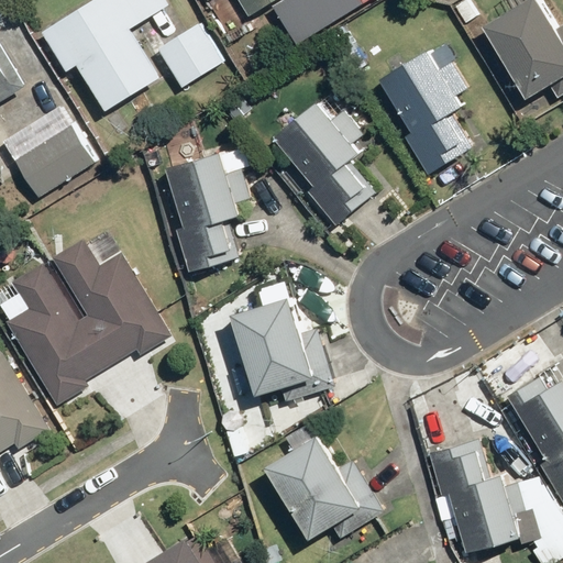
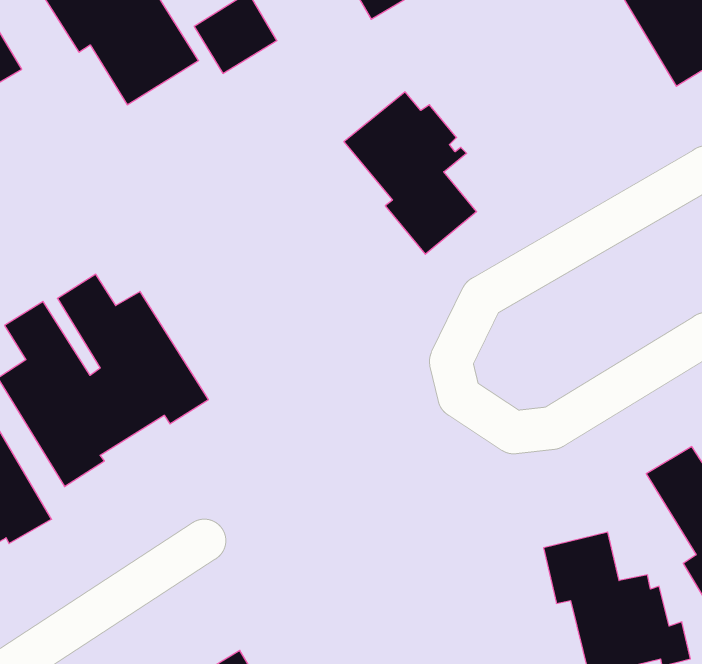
building: [378,44,470,176] -> none
building: [13,124,93,197] -> none
building: [167,146,249,273] -> none
building: [233,283,314,393] -> none
building: [268,435,380,538] -> none

